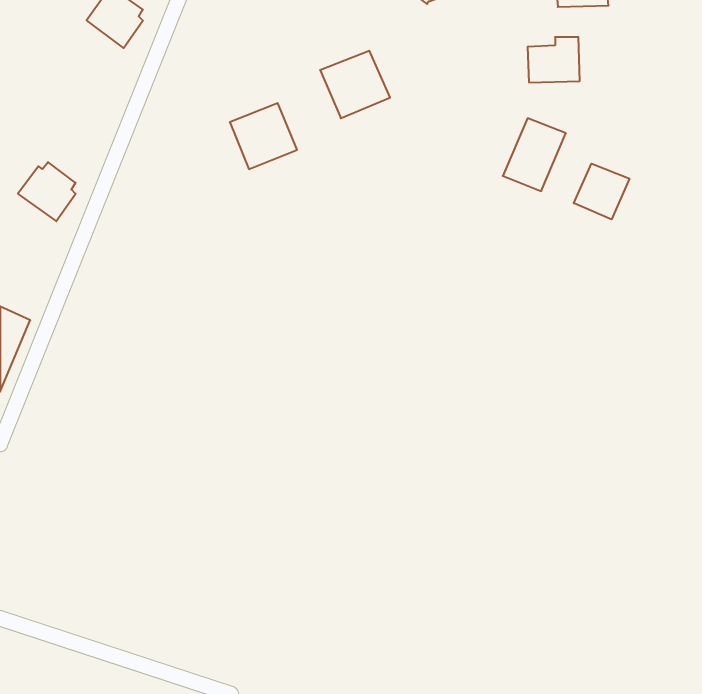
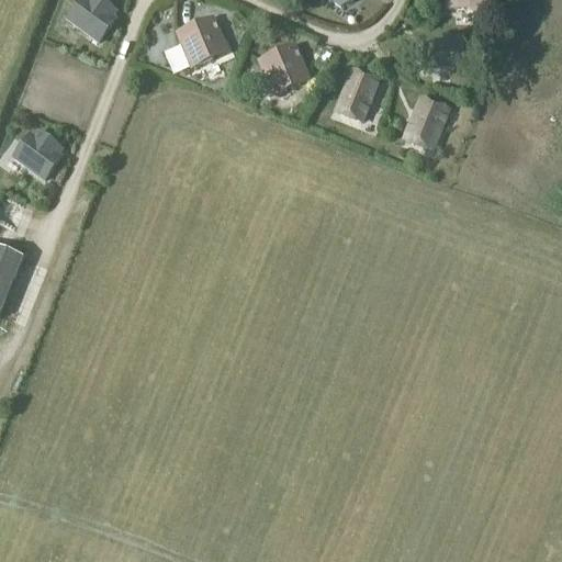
building: none -> [334,64,382,122]
building: [230,103,297,169] -> [176,13,229,66]
building: [574,164,629,219] -> none

